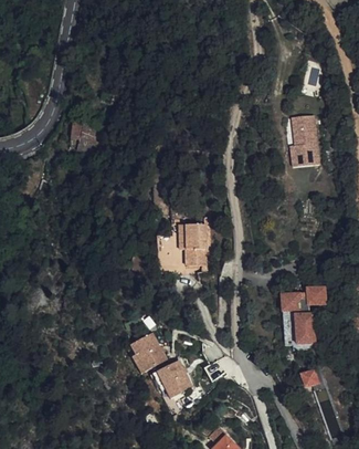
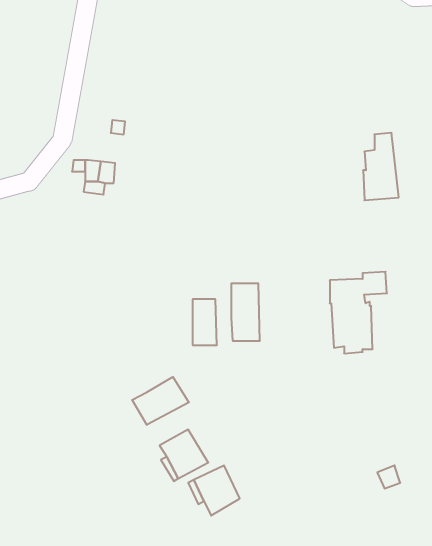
building: [282,283,326,346] -> [330,272,387,353]
building: none -> [132,377,189,425]

